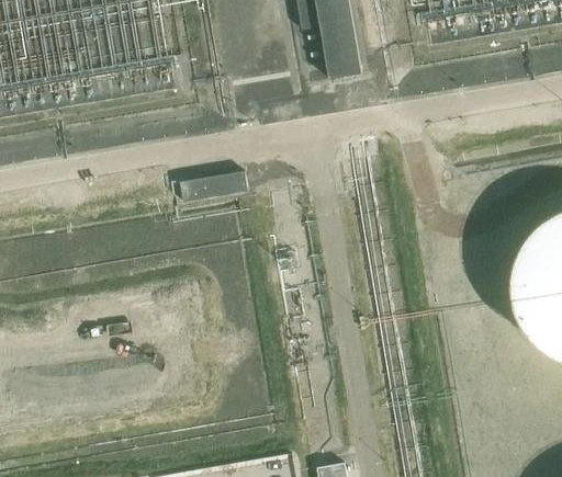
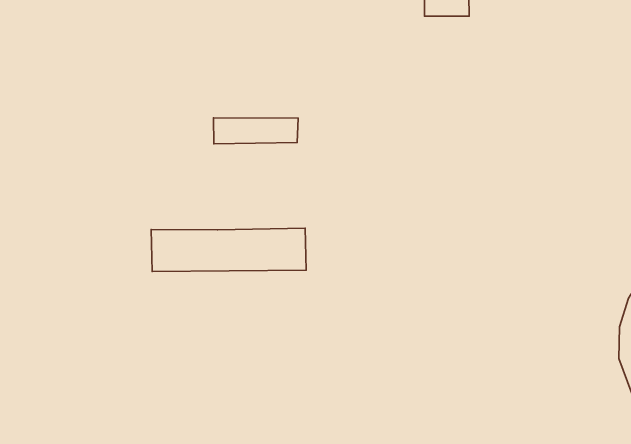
building: none -> [151,228,306,271]

